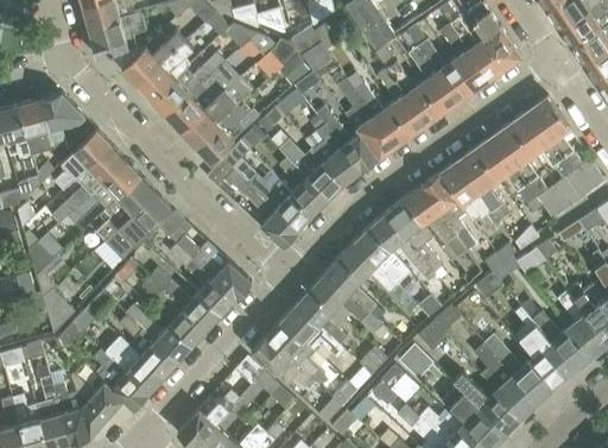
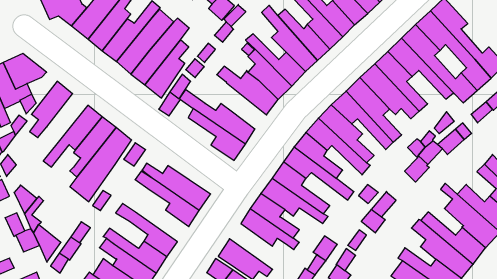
building: [51,146,127,225] -> none
building: [279,158,328,215] -> none
building: [151,270,222,330] -> none
building: [266,320,324,383] -> none

